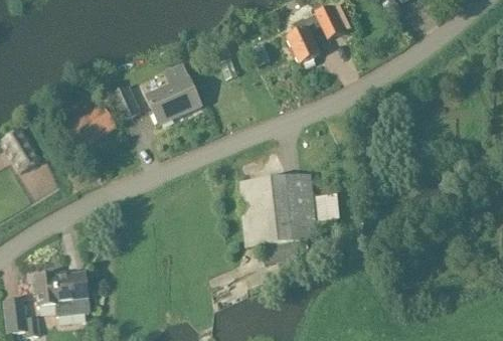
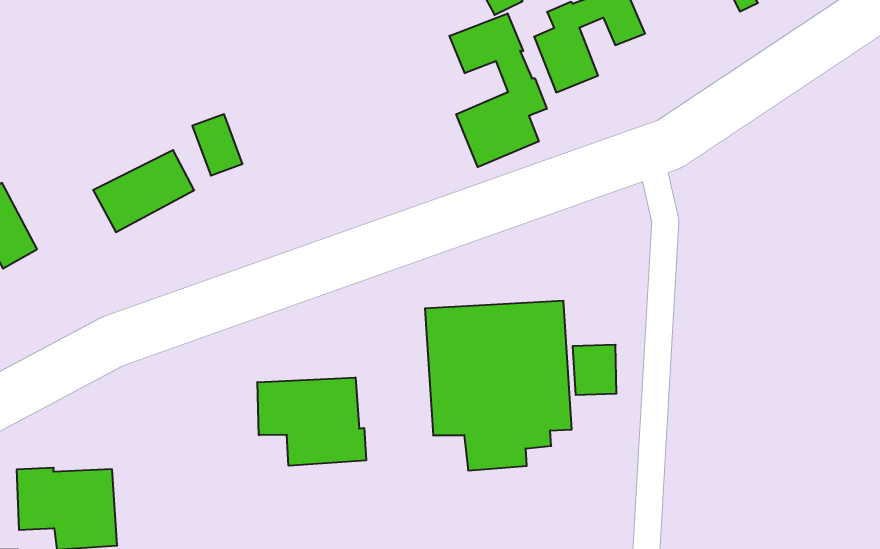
building: none -> [449,13,547,167]
building: [146,61,201,123] -> none
building: none -> [257,377,366,466]

